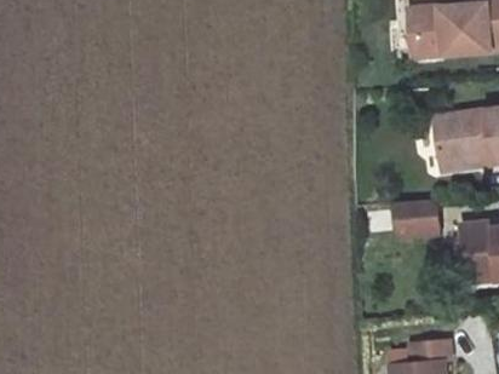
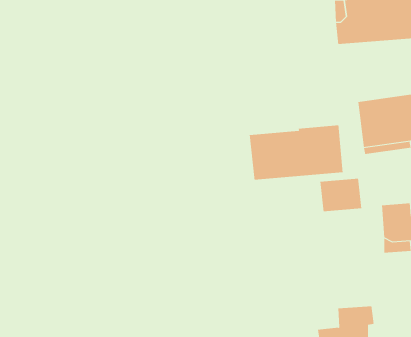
building: none -> [249,125,343,180]

